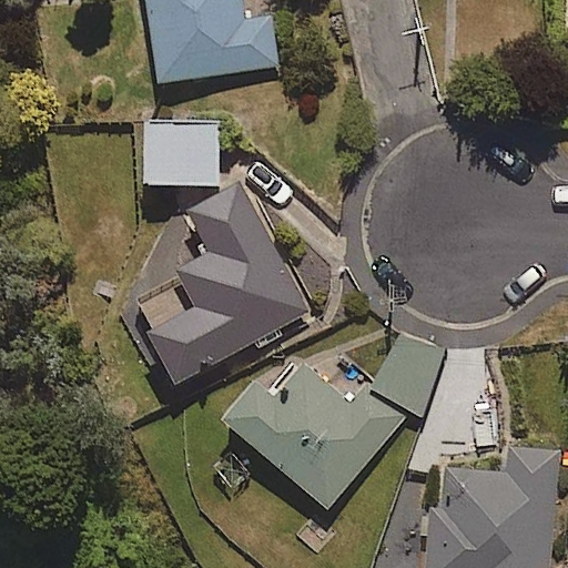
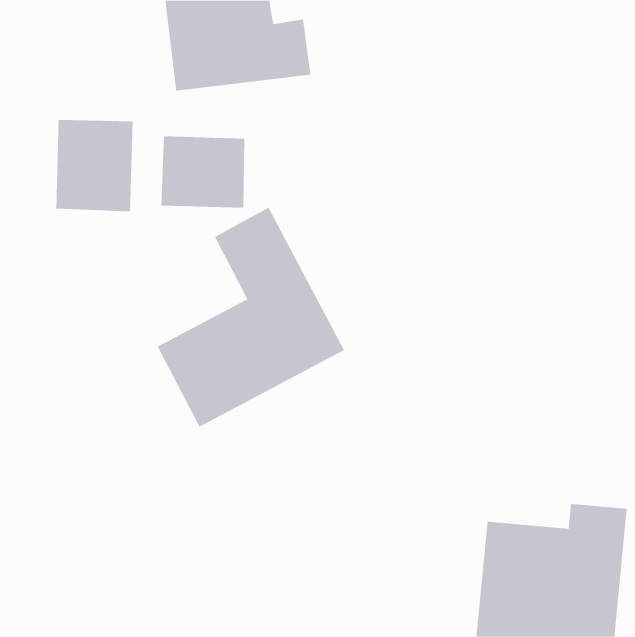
building: none -> [56,119,133,212]
building: [236,359,403,507] -> none

